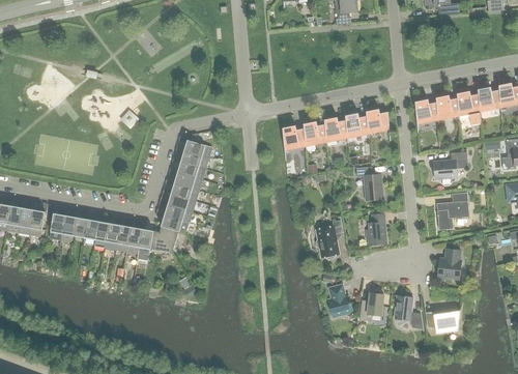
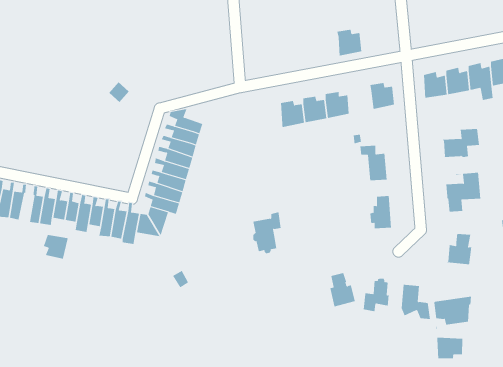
building: [345,113,369,138] -> [337,29,362,56]
building: [316,220,343,259] -> [253,212,282,254]
building: none -> [43,234,79,259]
building: none -> [436,326,463,359]

